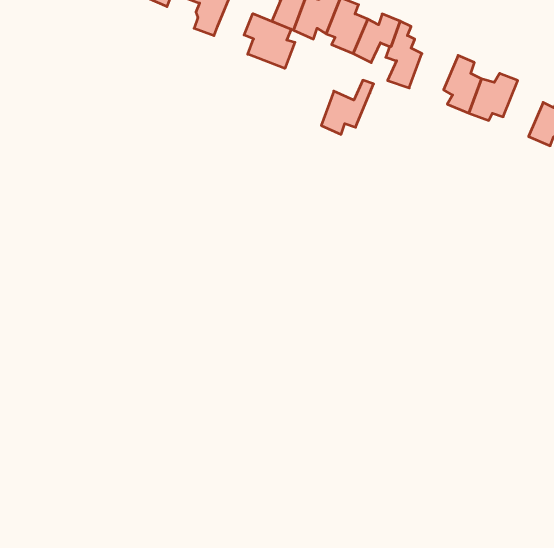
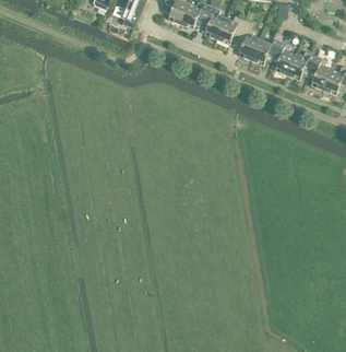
building: [244,14,295,68] -> none
building: [321,80,374,134] -> [250,31,282,63]
building: none -> [307,54,331,87]

